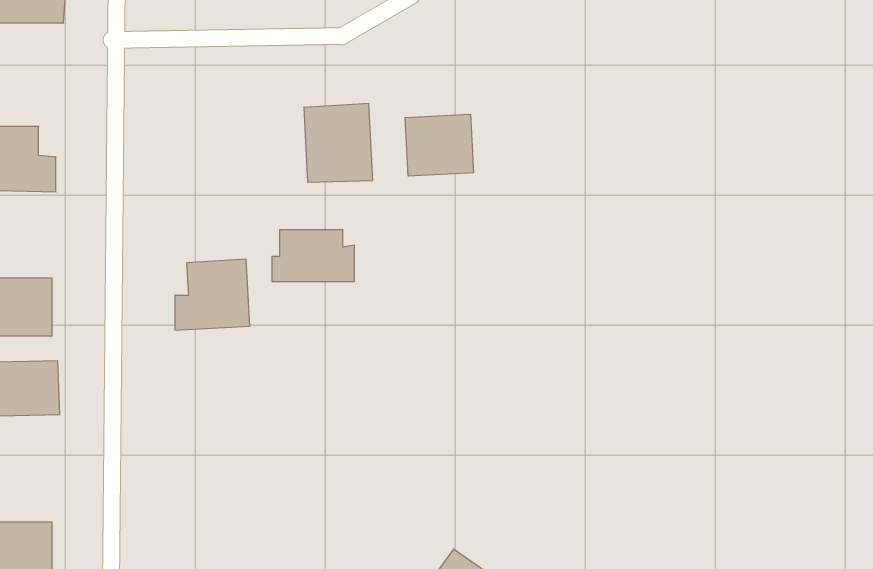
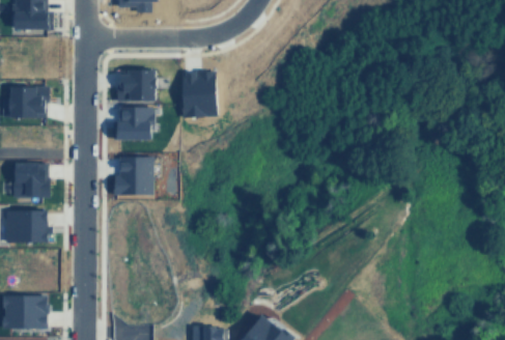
building: none -> [117,72,158,97]
building: [405,114,473,176] -> none
building: [272,230,355,282] -> [113,109,158,137]

